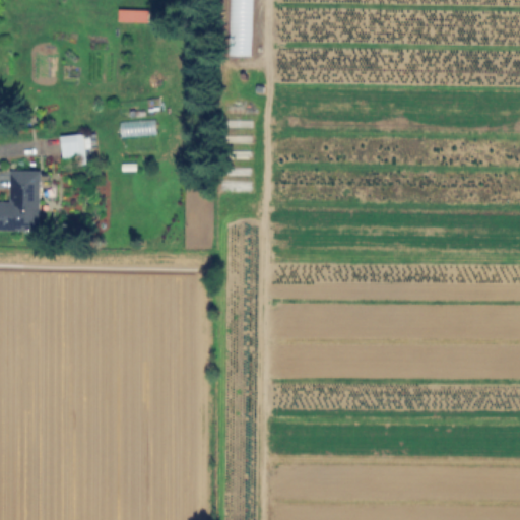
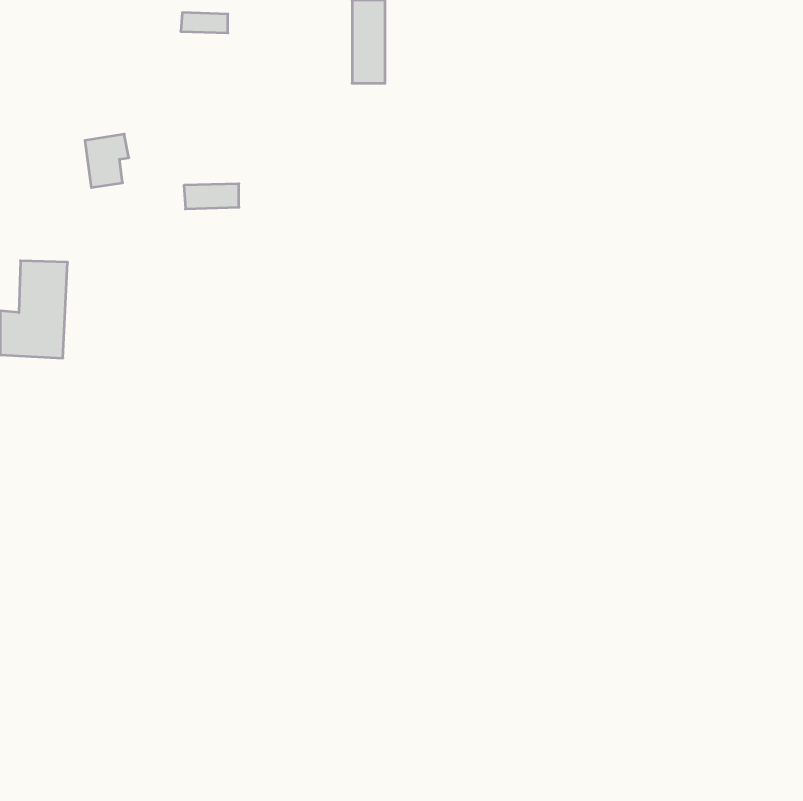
building: [63,134,91,169] -> [85,134,129,188]

